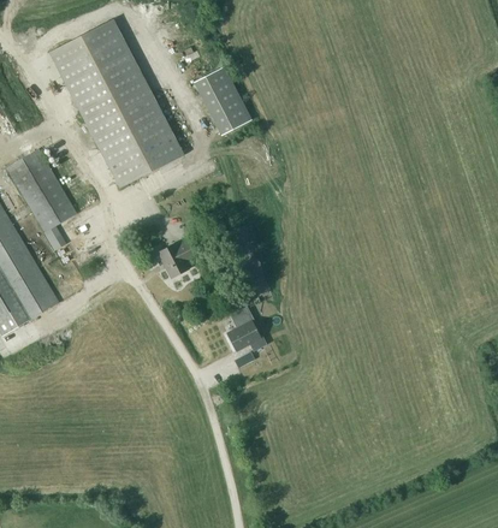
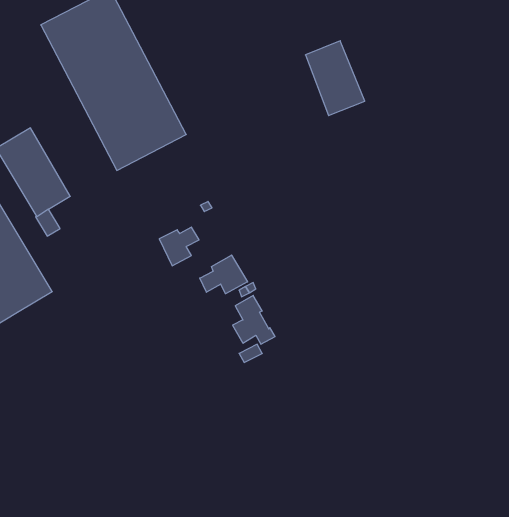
building: [192,64,248,134] -> [305,41,365,116]
building: none -> [200,255,248,294]

